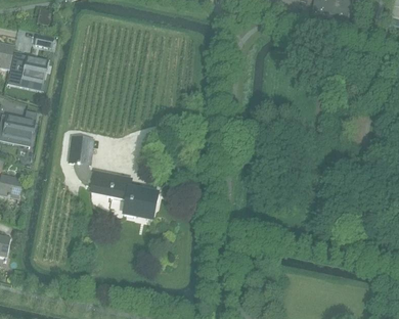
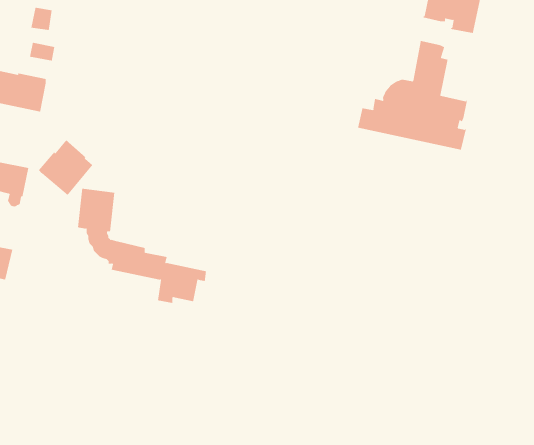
building: none -> [358,40,468,151]
building: none -> [38,140,93,196]

